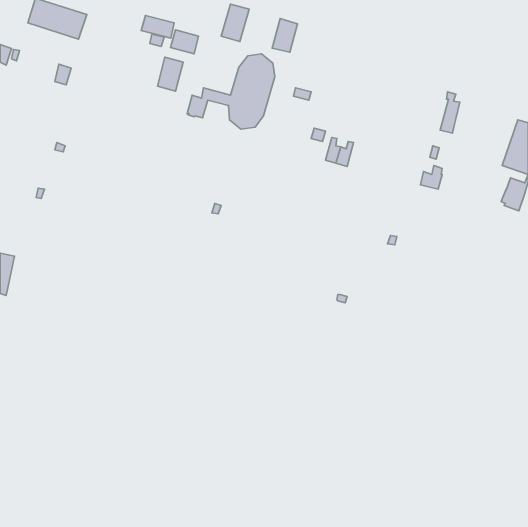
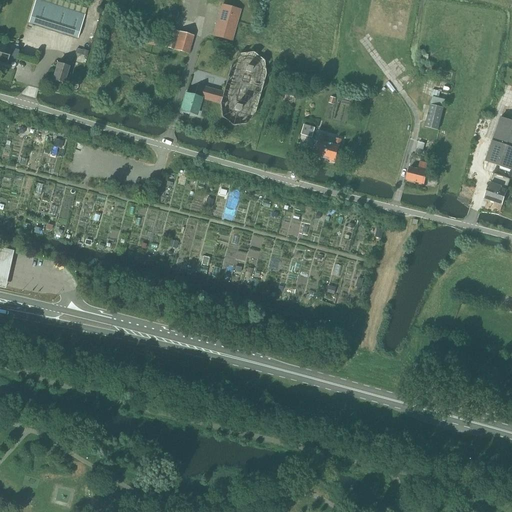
building: [141,16,174,38] -> none
building: [272,19,298,52] -> none
building: [157,57,183,91] -> none

